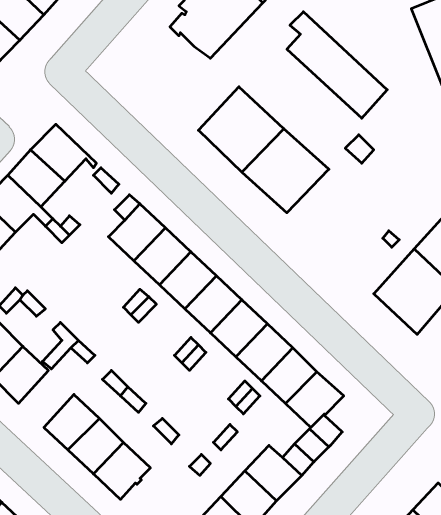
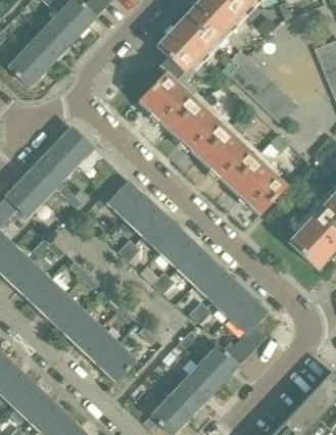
building: none -> [139,74,196,131]
building: none -> [229,157,287,215]
building: none -> [46,294,84,333]

